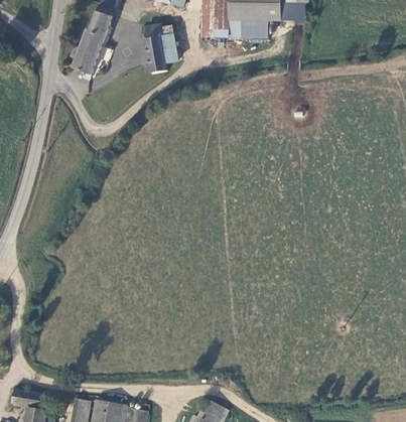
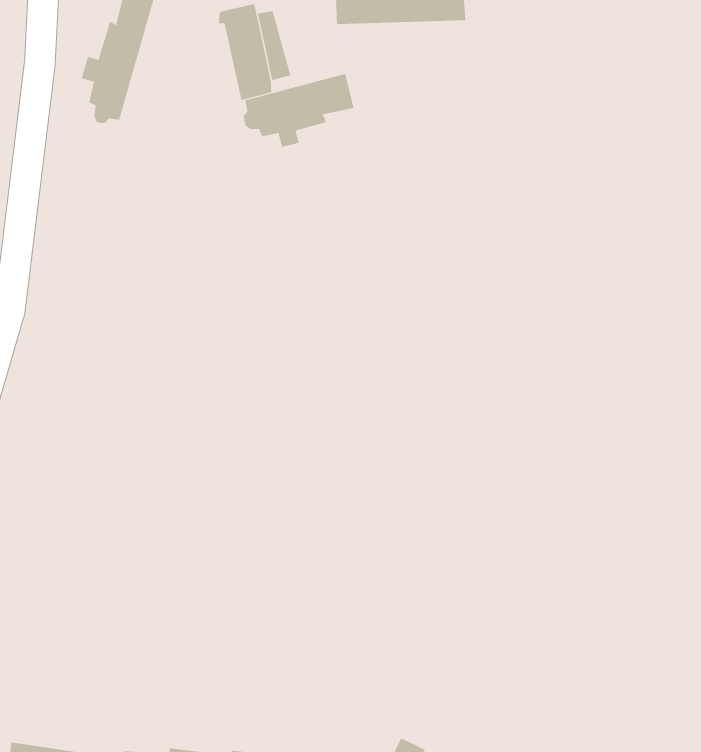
building: none -> [244,73,354,148]

